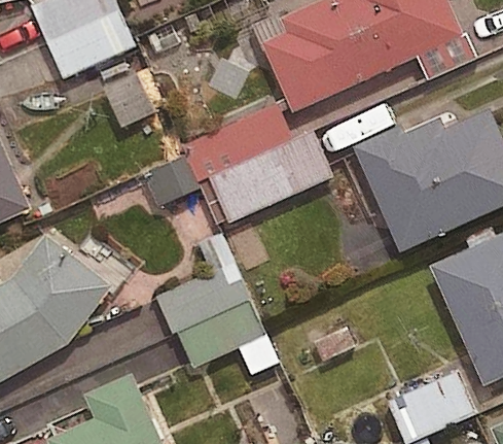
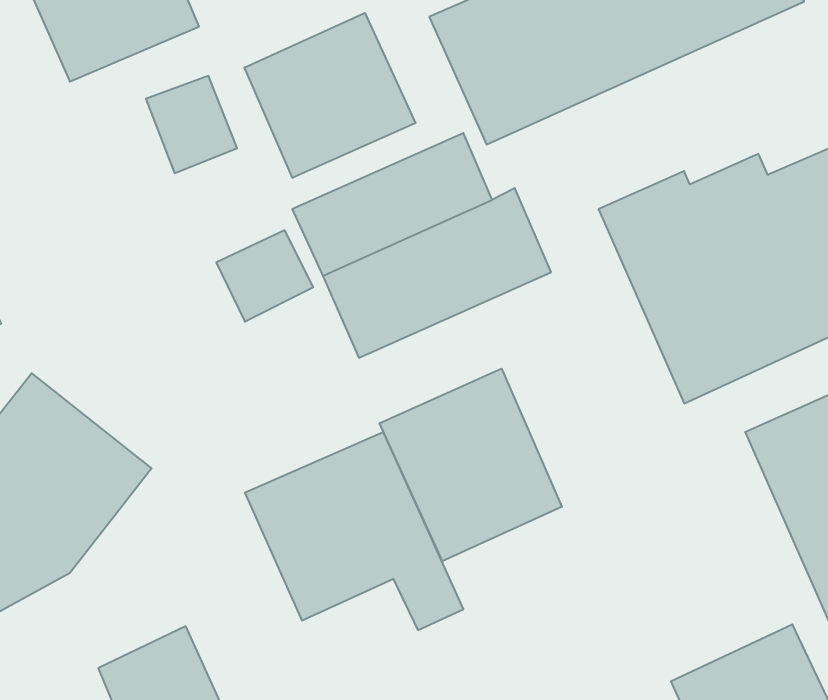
building: none -> [244,13,416,178]
building: none -> [380,369,562,561]

